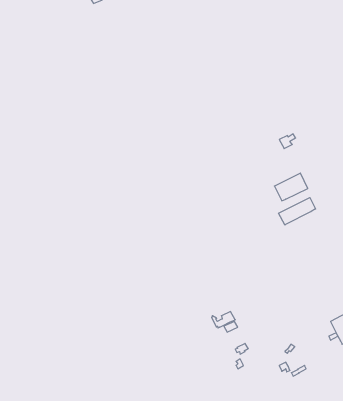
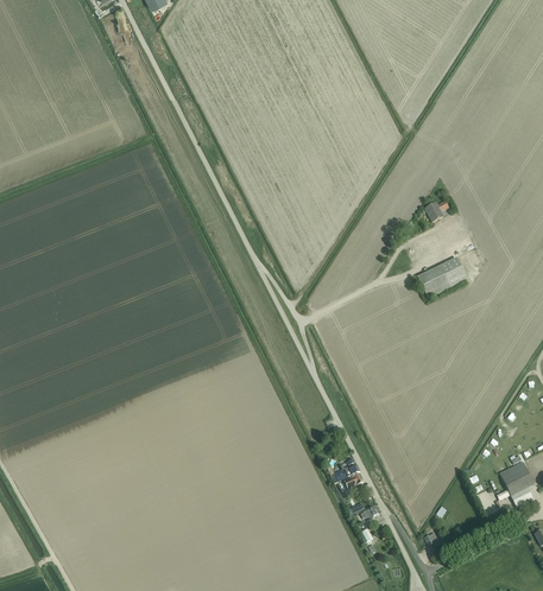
building: [279,198,316,225] -> none

